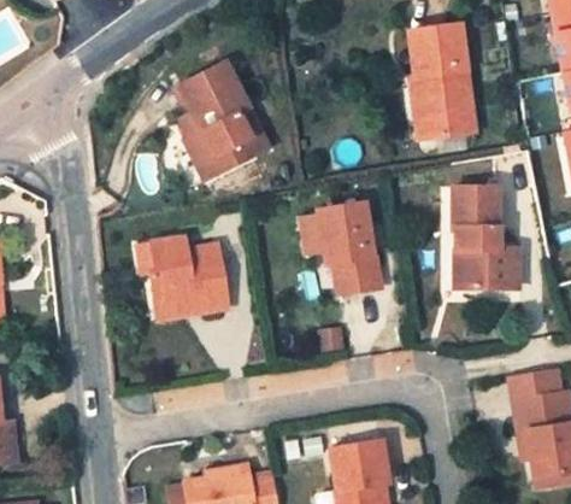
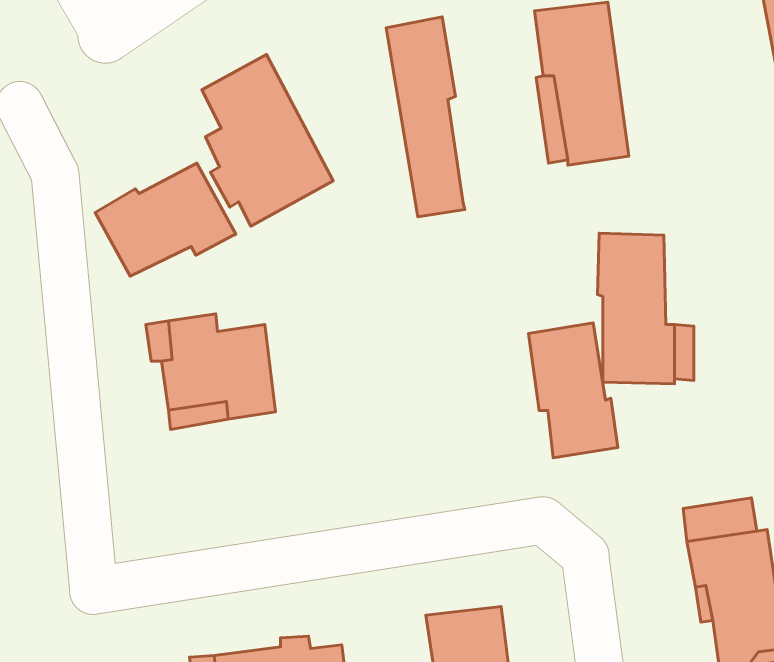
building: none -> [386,17,465,217]
building: none -> [95,163,236,276]
building: [317,205,378,298] -> [529,323,618,458]

